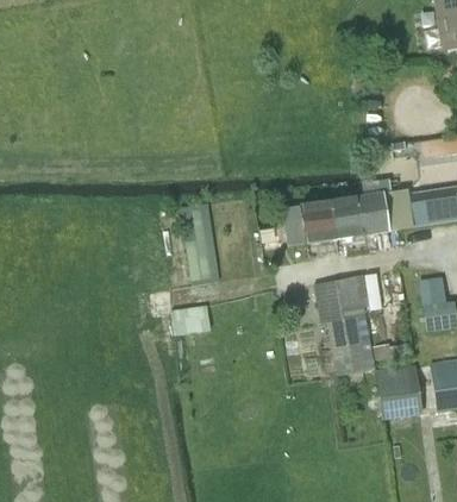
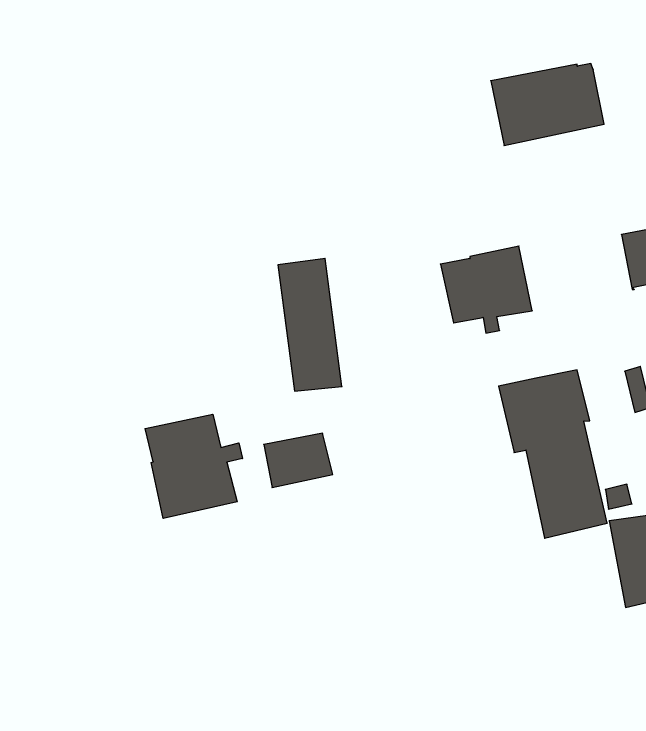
building: [330,192,396,238] -> [491,64,604,146]
building: none -> [145,414,242,518]

